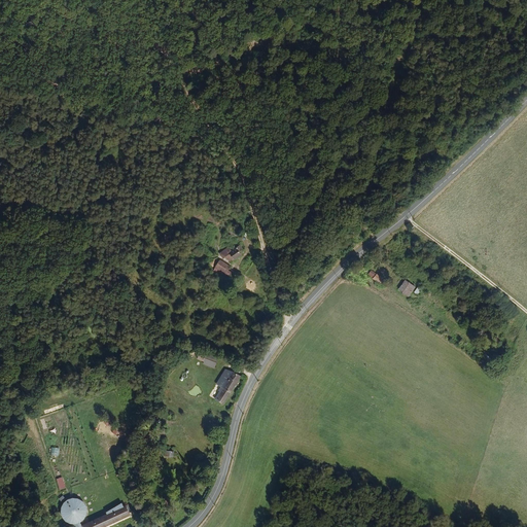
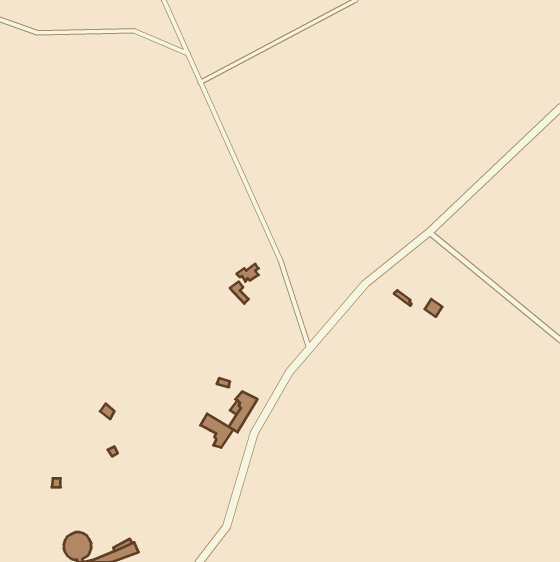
building: none -> [200,414,233,448]

